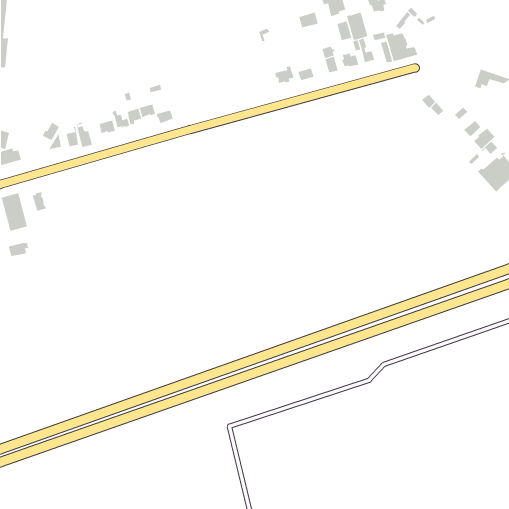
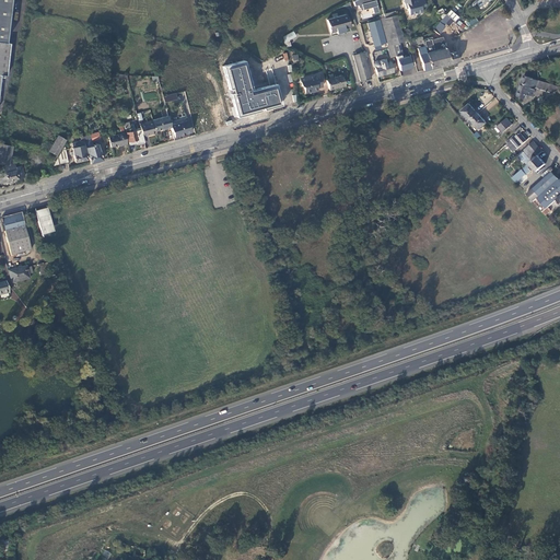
building: none -> [223,59,282,115]

